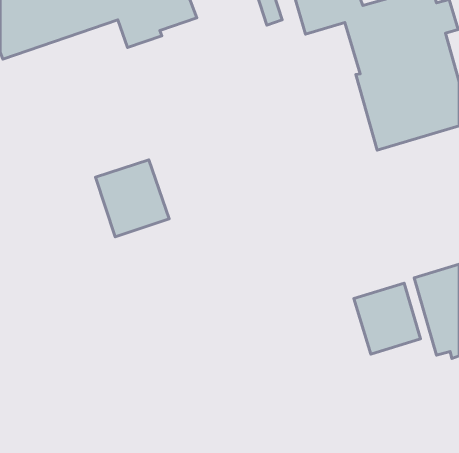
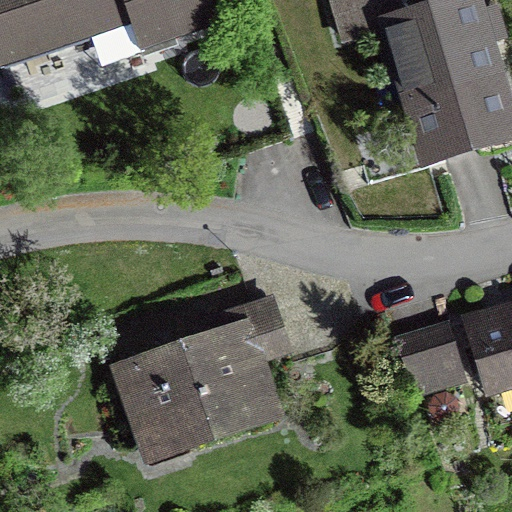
building: [96,160,169,237] -> none
building: none -> [109,289,294,465]

